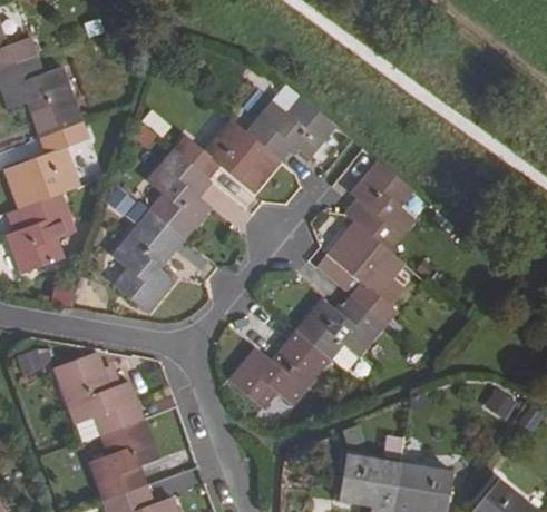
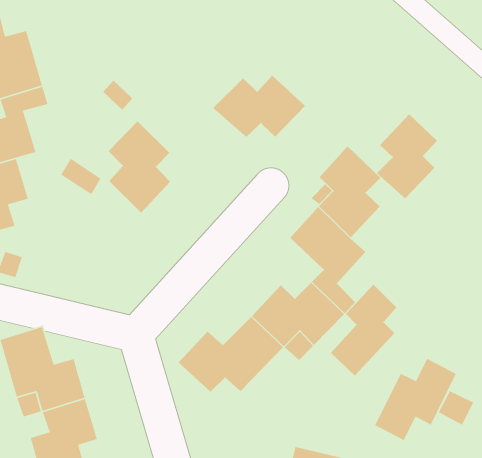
building: [175,119,281,190] -> none
building: none -> [376,114,438,199]
building: [114,209,184,313] -> none
building: none -> [330,284,397,376]
building: none -> [374,358,457,441]

